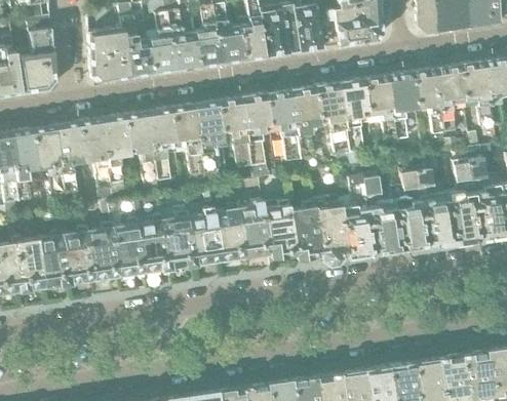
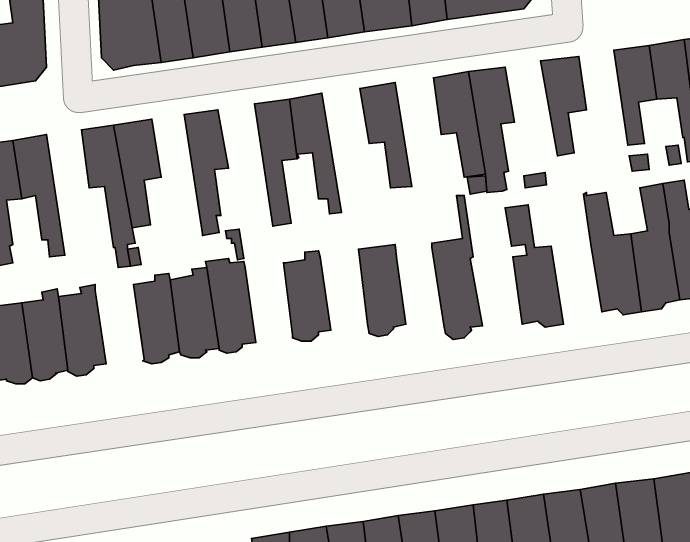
building: [412,69,444,134] -> none
building: [362,76,397,142] -> none
building: [288,87,319,160] -> none
building: [239,94,271,177] -> none
building: [169,105,206,188] -> none
building: [125,112,159,194] -> none
building: [54,122,83,206] -> none
building: [393,165,427,252] -> none
building: [339,174,374,259] -> none
building: [238,199,270,260] -> none
building: [289,201,321,262] -> none
building: [188,206,220,268] -> none
building: [87,222,120,283] -> none

